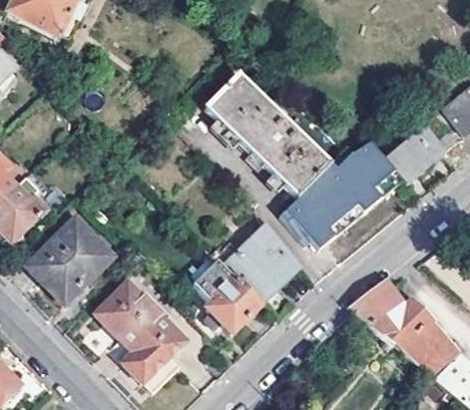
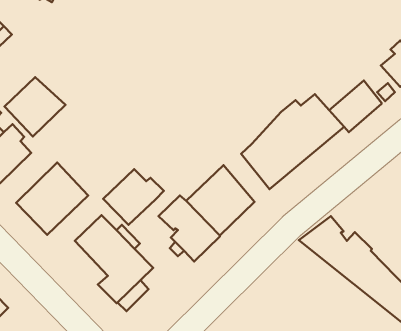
building: [204,68,328,198] -> none
building: none -> [4,77,65,137]
building: none -> [103,169,164,225]

